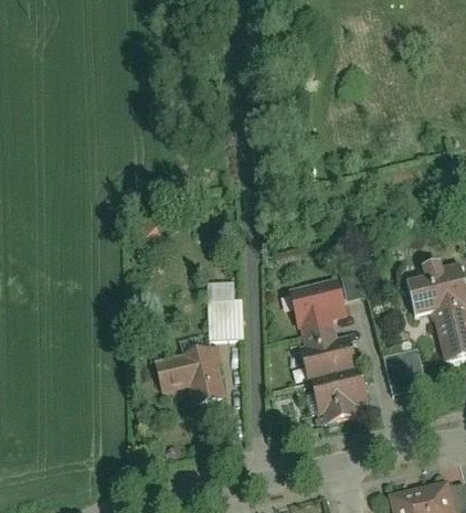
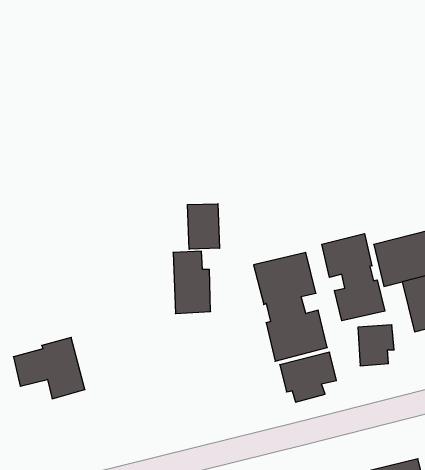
building: none -> [188,204,220,249]
building: none -> [322,234,385,321]
building: [155,348,224,407] -> [13,337,85,399]

